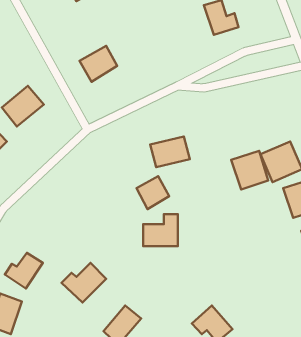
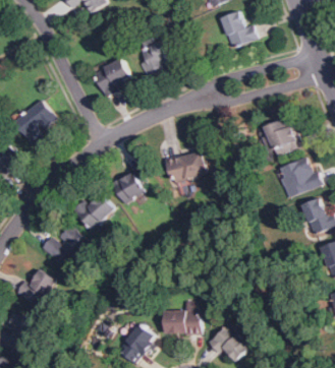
building: none -> [136,37,175,72]
building: [231,151,268,190] -> [263,116,300,156]
building: [136,176,169,209] -> [111,171,145,204]
building: none -> [73,193,113,228]
building: [143,214,178,246] -> [164,300,200,332]
building: [62,263,106,303] -> [41,226,87,266]

